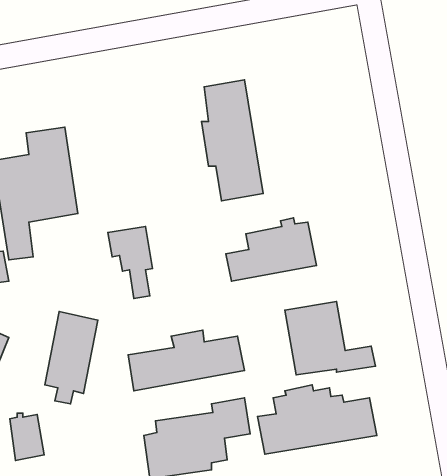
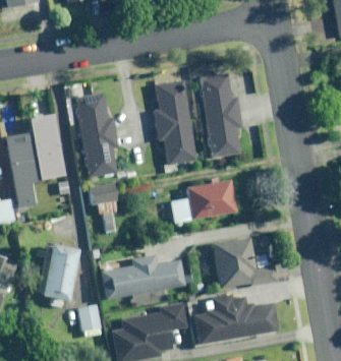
building: none -> [198,72,241,156]
building: none -> [75,92,118,176]
building: [10,413,44,461] -> [78,303,103,337]

